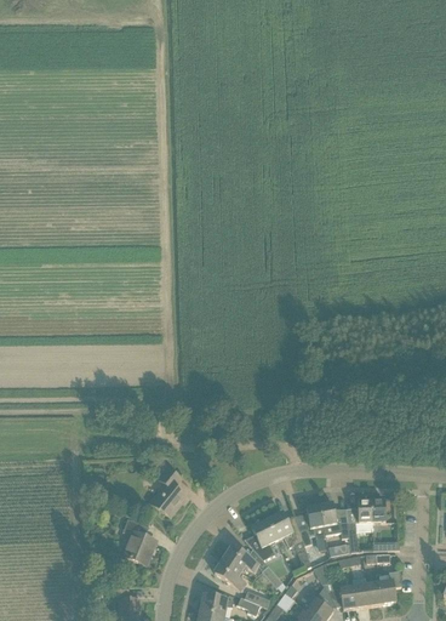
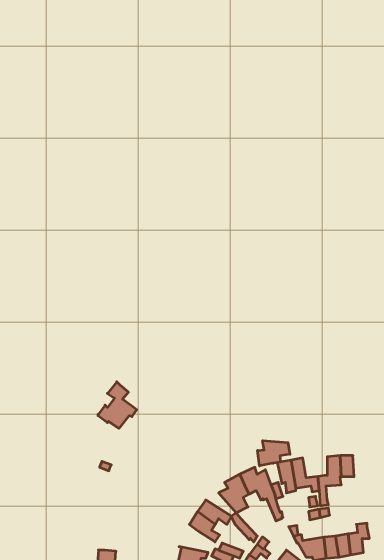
building: [149,467,189,515] -> [98,382,137,428]
building: none -> [258,441,290,466]
building: [122,518,156,564] -> none

